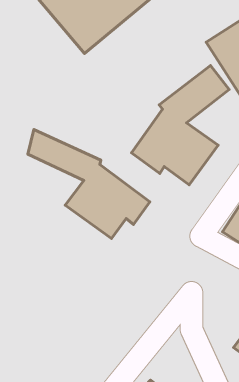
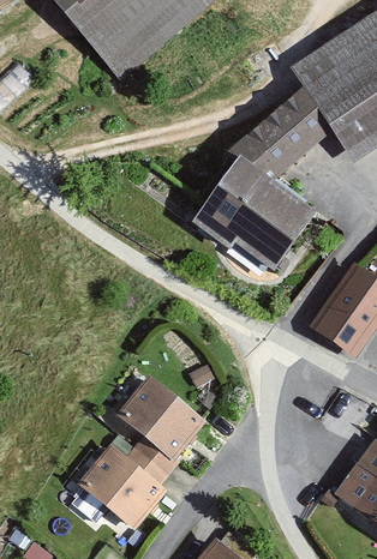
building: [28,129,150,239] -> none
building: none -> [76,372,208,533]

